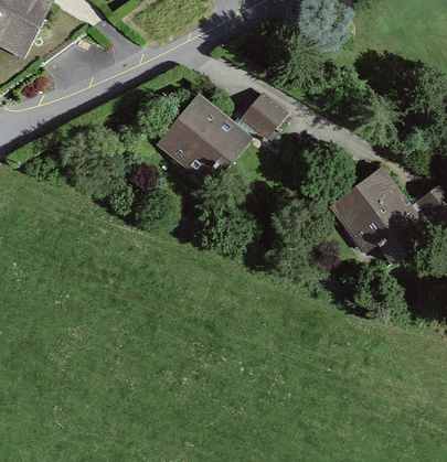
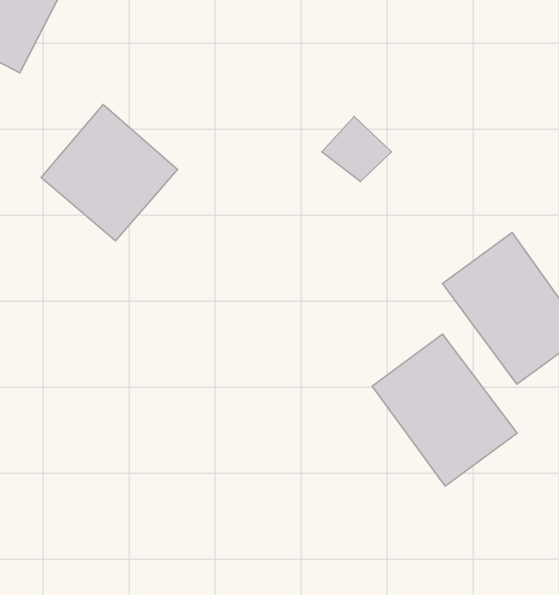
building: [156,92,253,189] -> [41,105,177,241]
building: none -> [372,334,517,486]

